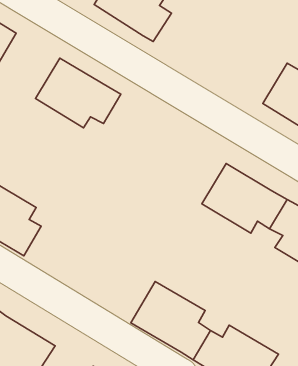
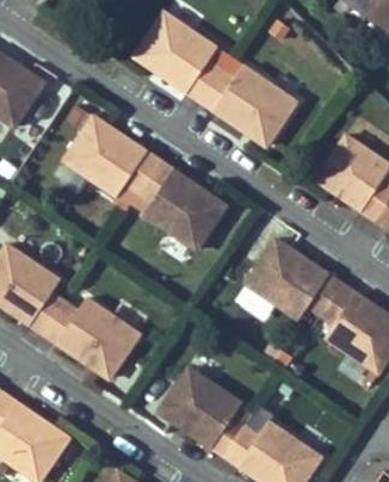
building: none -> [198,64,295,146]
building: none -> [137,156,226,246]
building: none -> [39,297,136,378]

